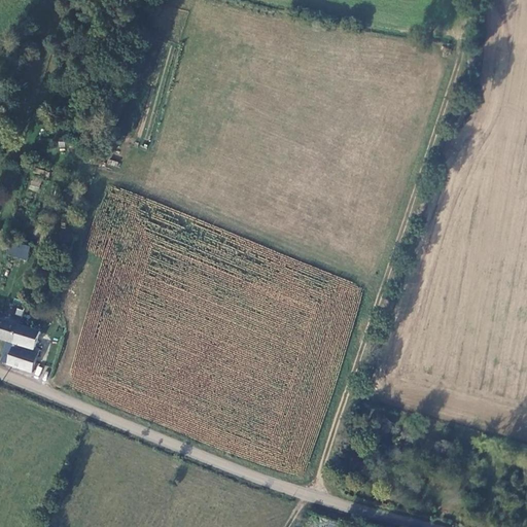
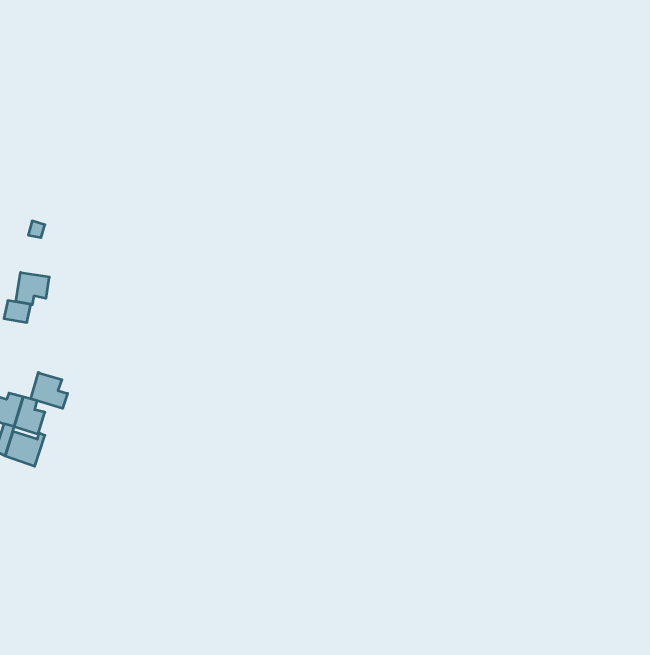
building: none -> [16,272,49,305]
building: none -> [31,372,68,408]

